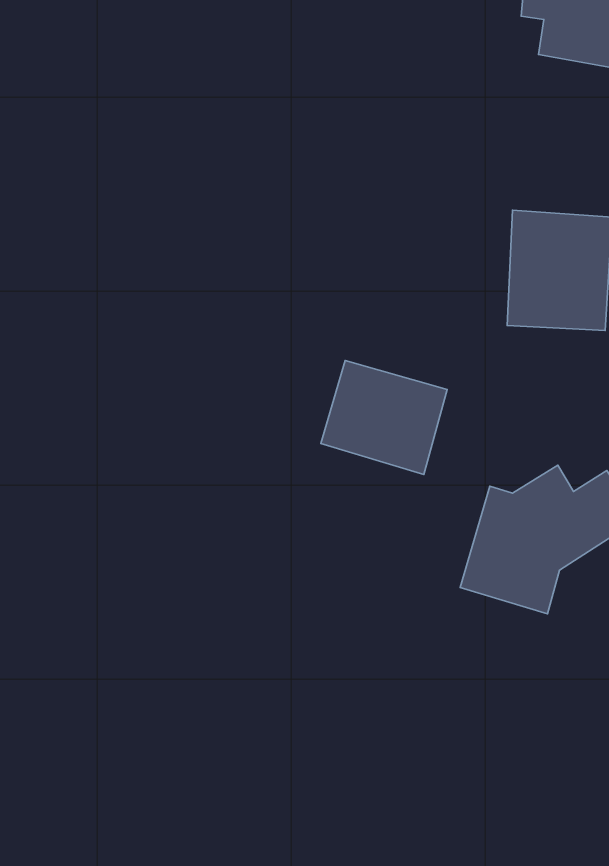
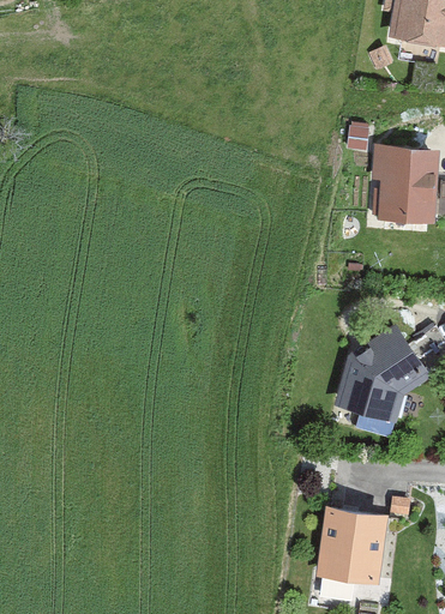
building: [321,361,447,475] -> none
building: none -> [318,506,386,583]

